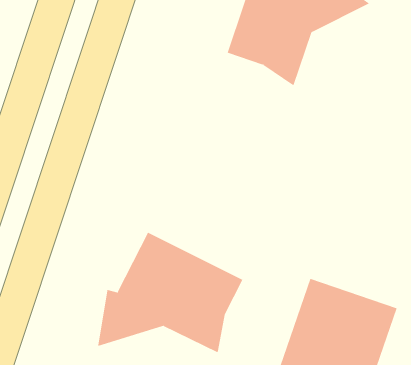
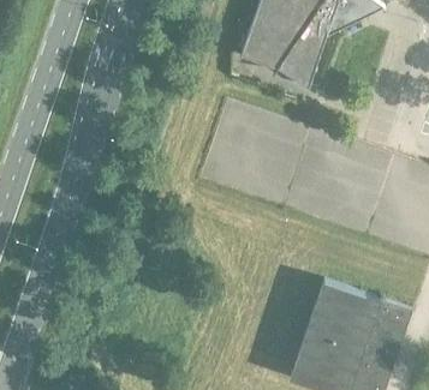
building: [98,232,243,353] -> none

